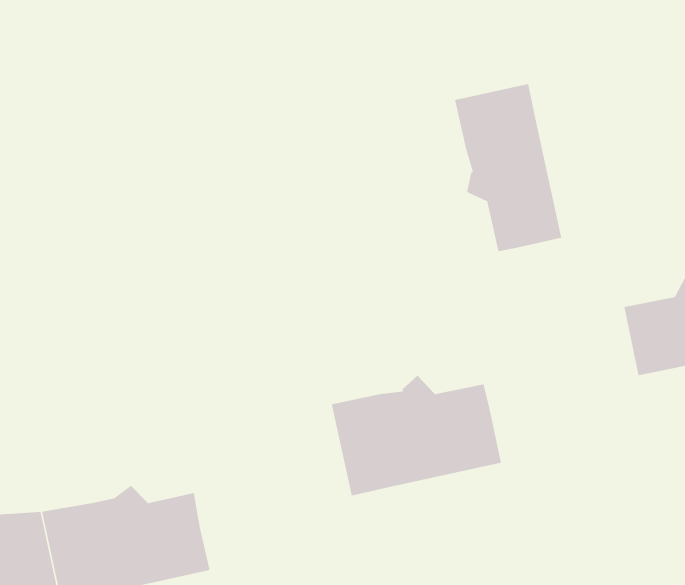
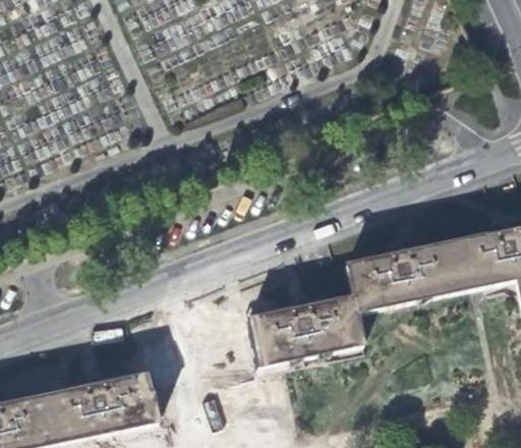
building: [454,83,562,252] -> none
building: none -> [347,236,461,311]

